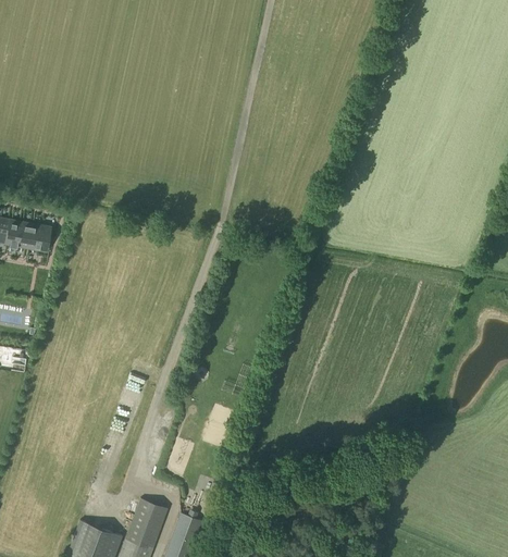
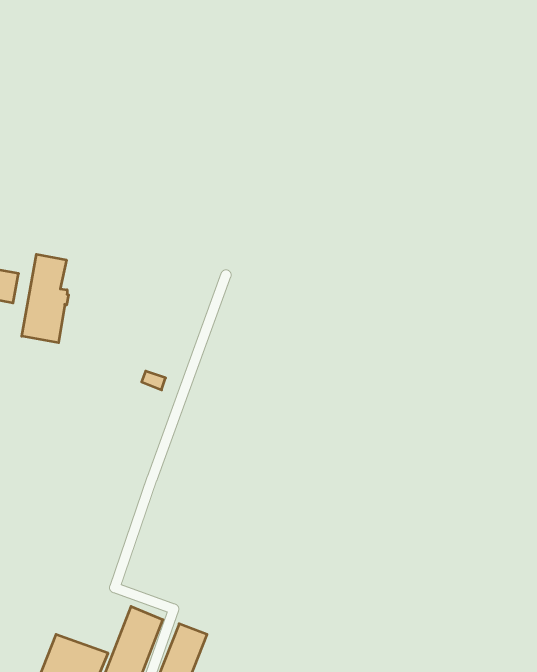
building: none -> [22,254,69,343]

